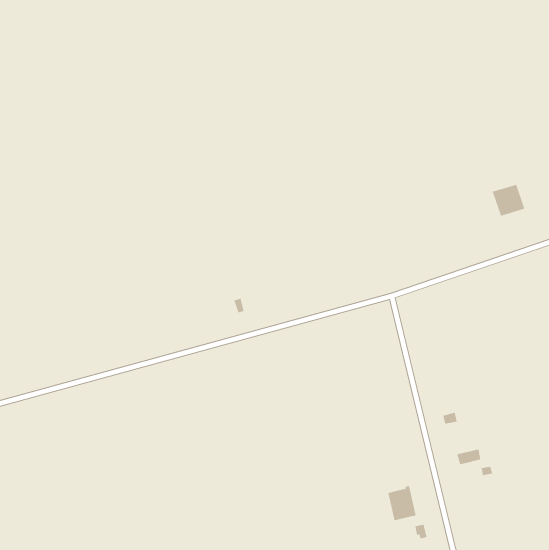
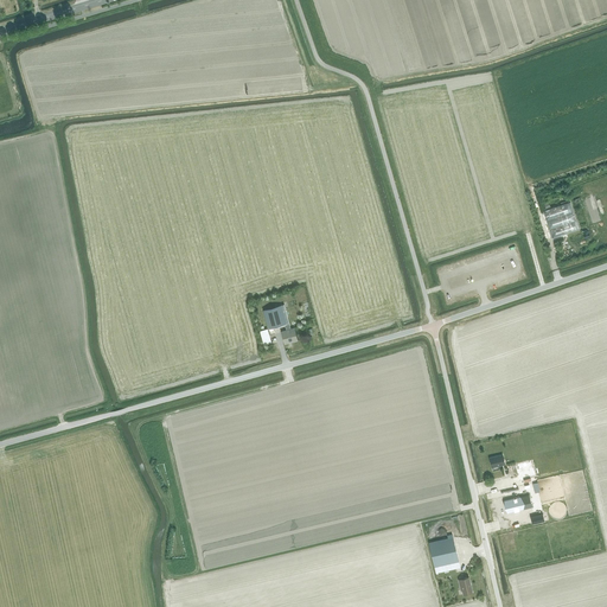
building: none -> [263,305,296,341]

